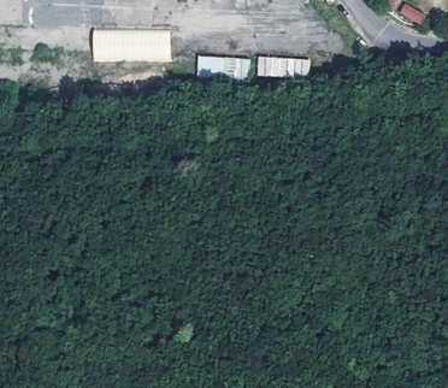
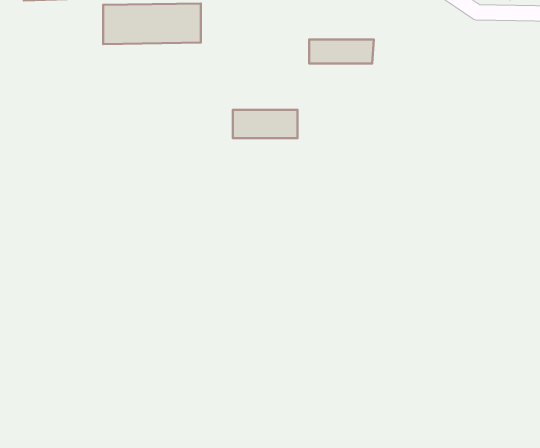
building: [198,55,249,78] -> [233,110,297,138]

